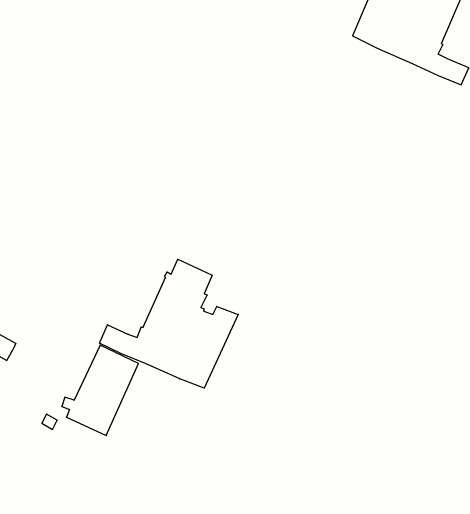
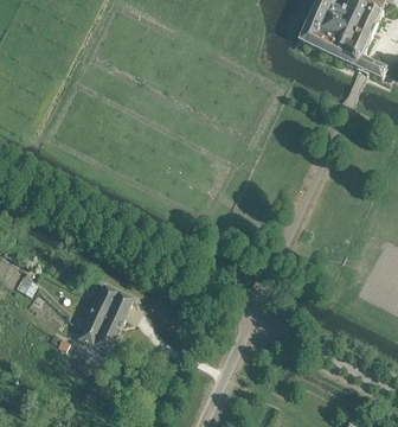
building: [100,259,238,388] -> none

